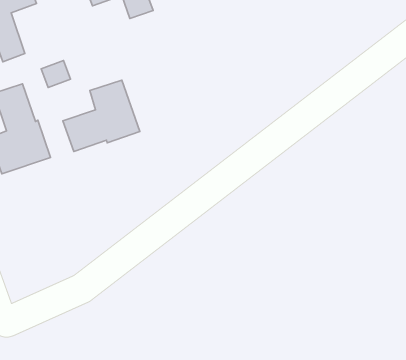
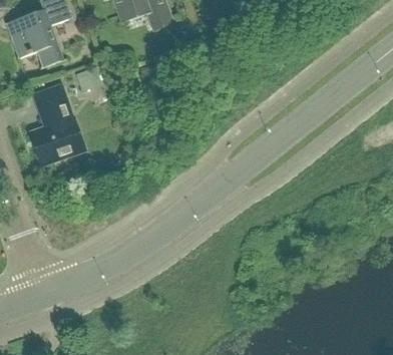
building: [63,80,140,151] -> none

